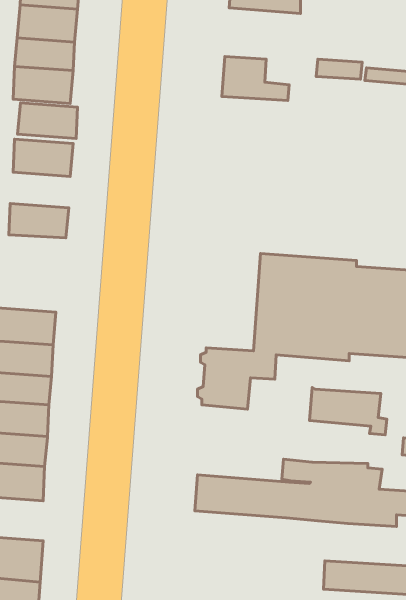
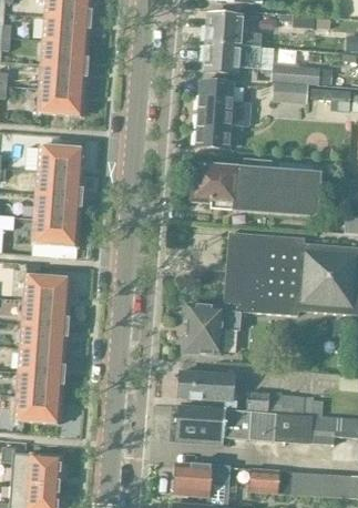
building: none -> [204,42,260,73]
building: none -> [270,64,320,85]
building: none -> [197,111,250,148]
building: [18,103,78,138] -> [35,170,82,197]
building: none -> [193,159,320,215]
building: none -> [32,219,79,246]
building: [309,388,387,435] -> [178,370,238,407]
building: none -> [170,463,231,497]
building: none -> [249,469,279,494]

